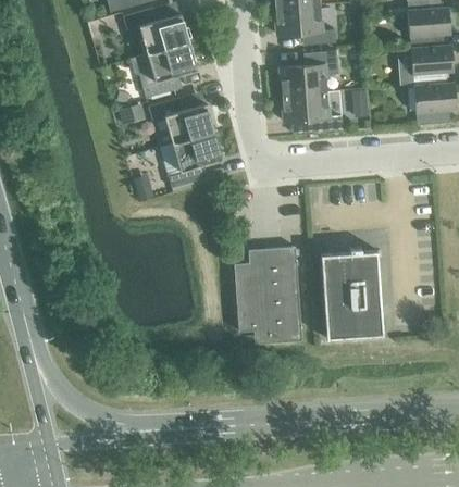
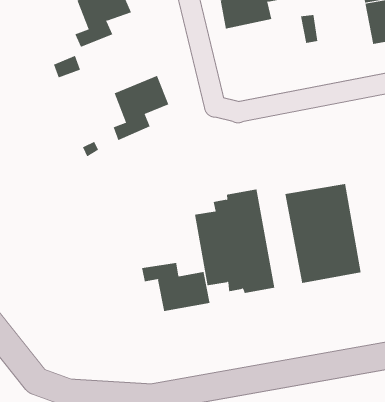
building: [282,90,342,132] -> none
building: [148,97,214,142] -> none
building: none -> [141,262,210,312]

